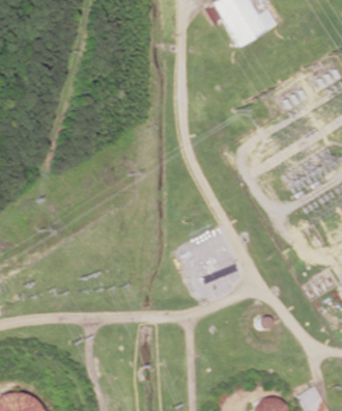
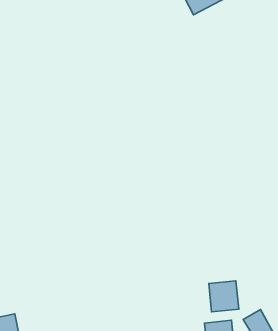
building: none -> [209,281,239,312]

